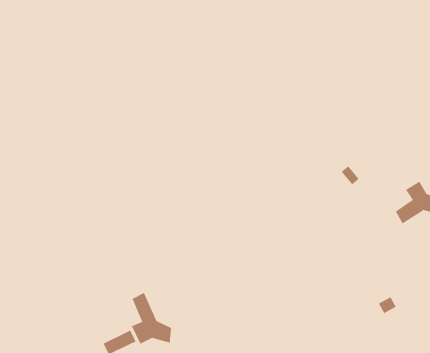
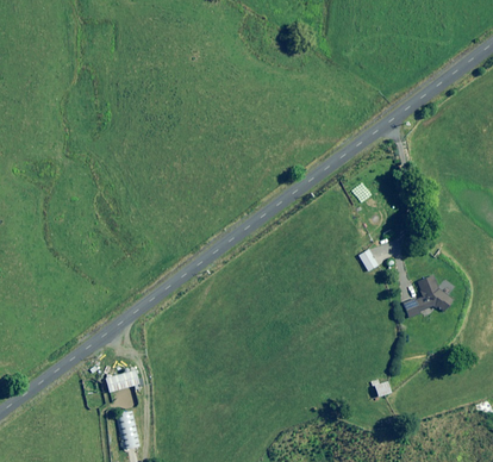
building: [131,292,172,345] -> none

